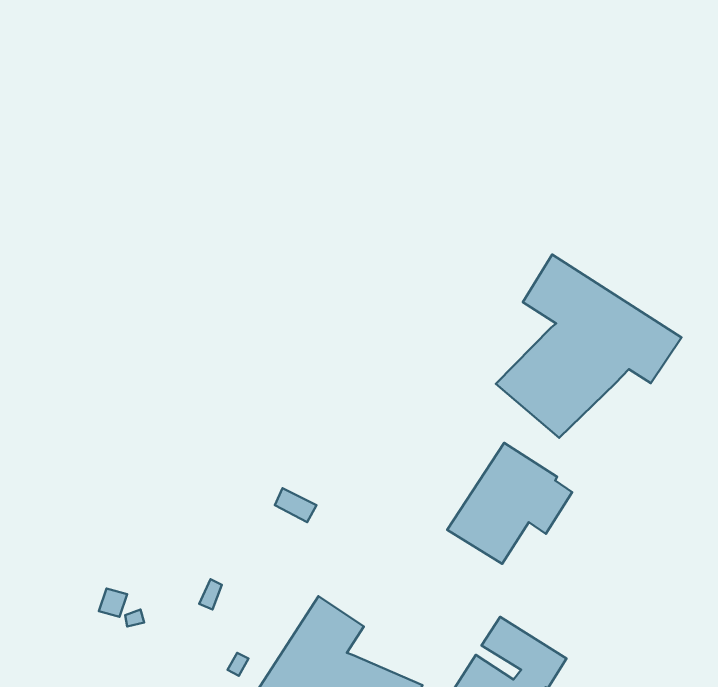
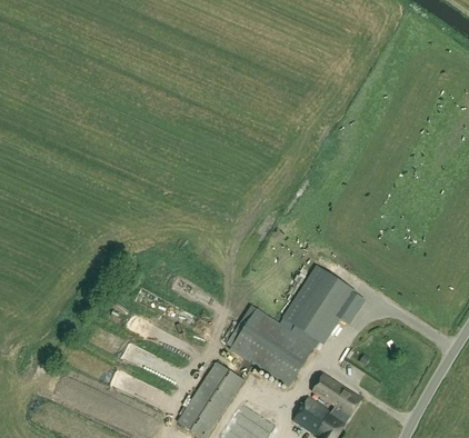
building: [496,254,681,438] -> none
building: none -> [230,308,313,384]

